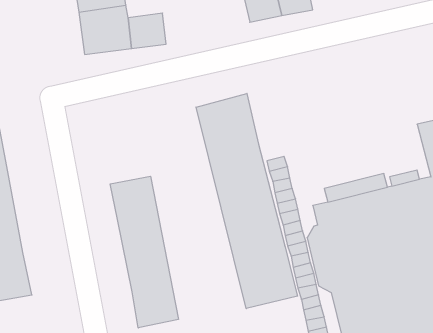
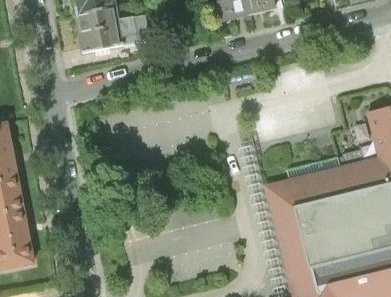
building: [196,93,298,309] -> none
building: [110,176,178,328] -> none

